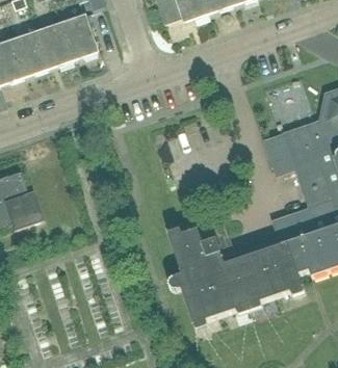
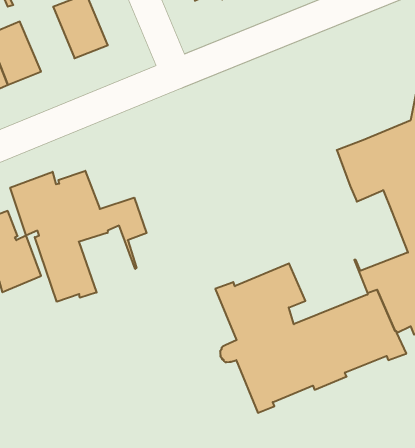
building: [35,22,74,69] -> none
building: none -> [10,171,147,302]

